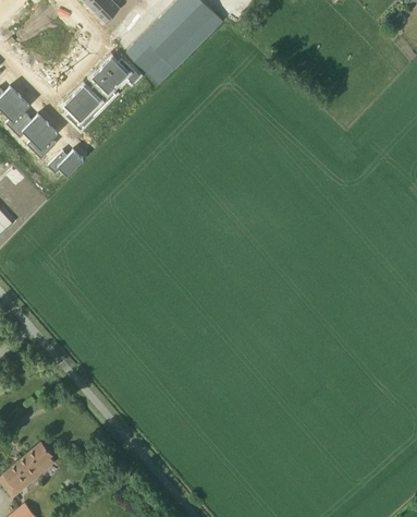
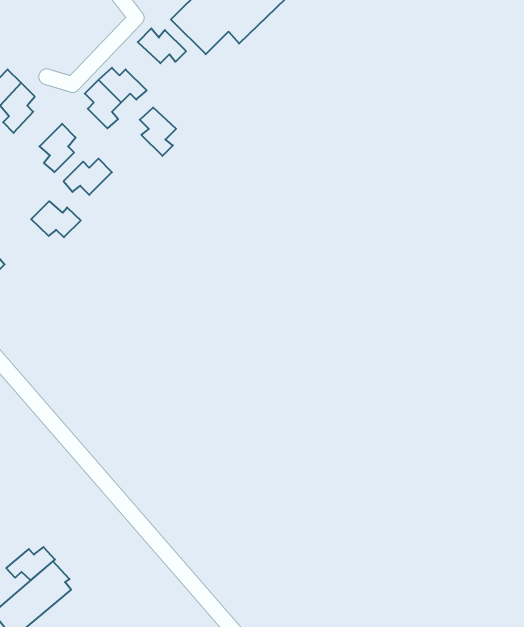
building: [93,67,119,101] -> [140,108,176,156]
building: [13,116,48,142] -> none
building: none -> [31,201,81,237]
building: none -> [6,547,55,580]

